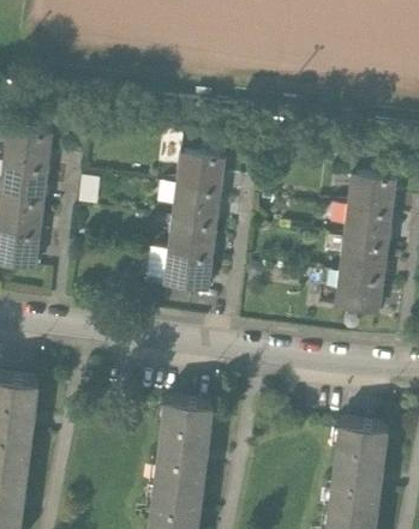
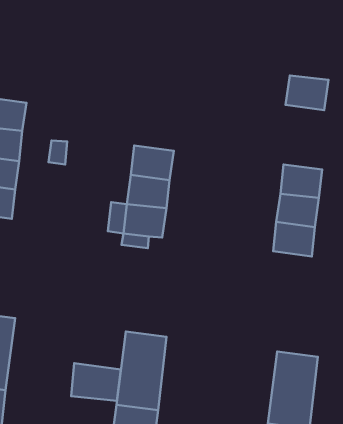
building: [176,150,226,190] -> none
building: [348,172,397,211] -> [286,76,328,110]
building: none -> [71,363,121,401]

